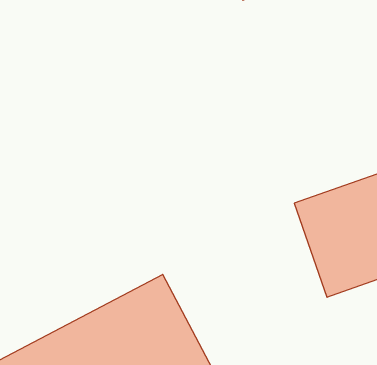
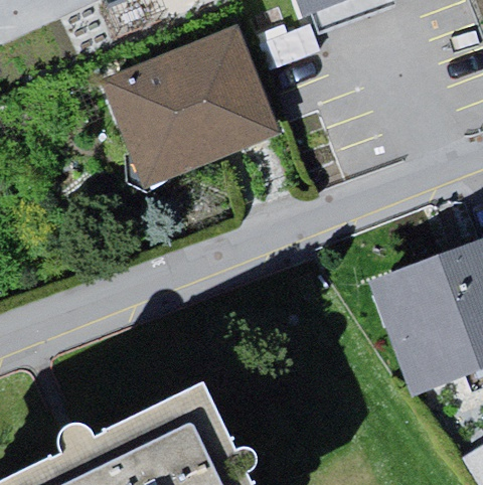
building: none -> [105,36,283,194]

